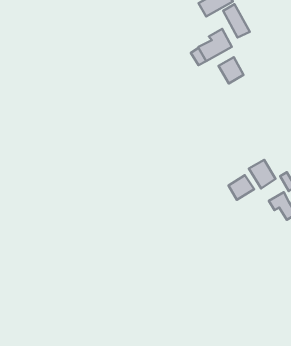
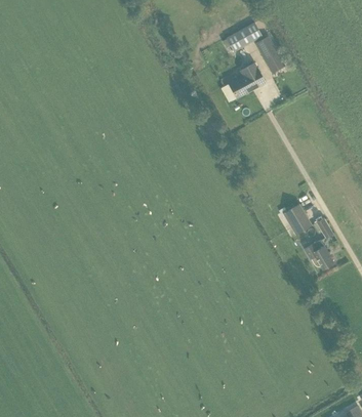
building: [219,57,243,83] -> none
building: [229,175,254,200] -> none

